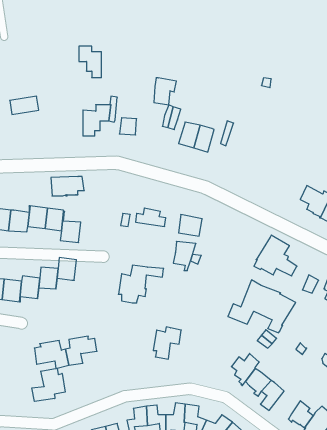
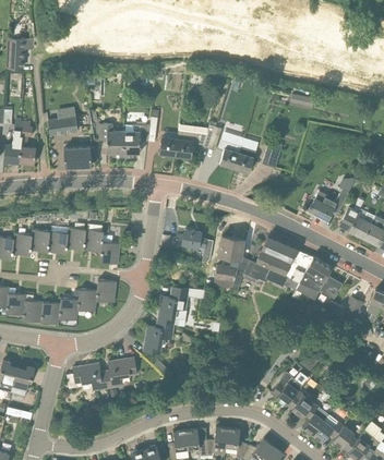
building: [79,46,101,78] -> [99,124,122,156]
building: [154,78,176,105] -> [176,130,199,157]
building: none -> [309,196,346,219]
building: [51,177,84,196] -> [64,147,98,167]
building: [228,280,296,333] -> [243,235,312,289]
building: [153,327,181,359] -> [144,322,172,354]
building: [32,368,65,401] -> none
building: none -> [311,414,343,443]

